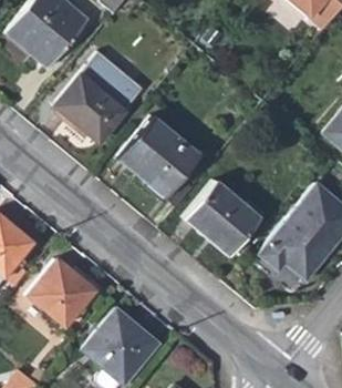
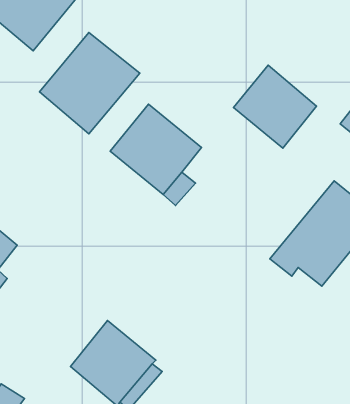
building: [185,181,259,255] -> [233,65,316,148]
building: [28,261,95,327] -> none

